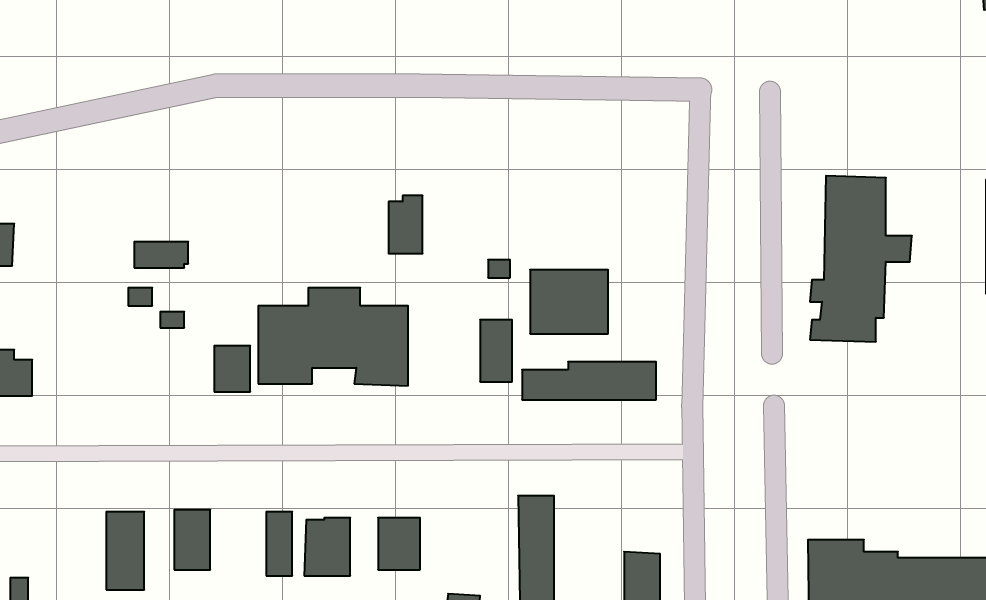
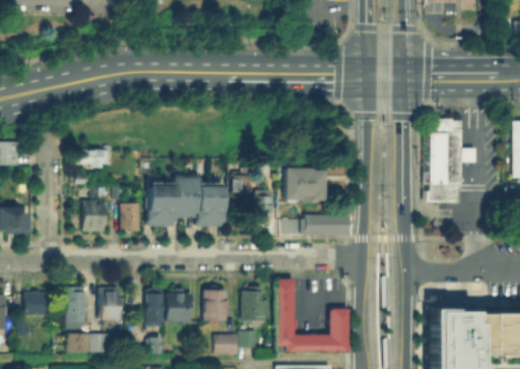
building: [389,196,423,254] -> [234,169,251,198]
building: none -> [83,203,103,231]
building: none -> [242,293,263,320]
building: none -> [25,294,47,315]

